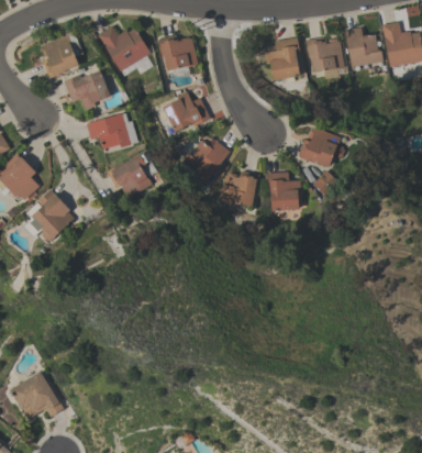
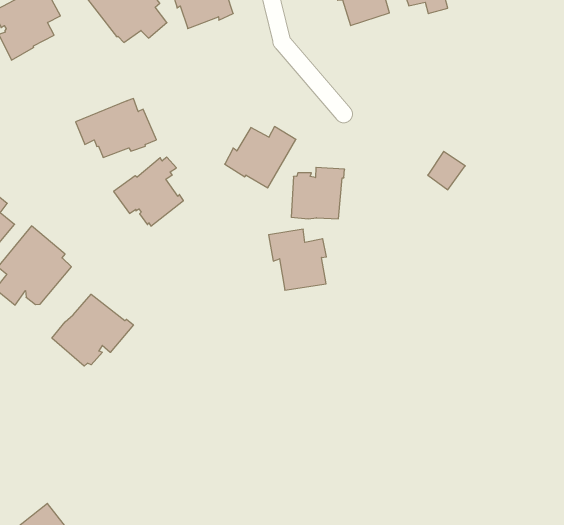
building: [64,70,111,109] -> none
building: [163,91,210,131] -> none
building: [298,128,345,166] -> none
building: [265,172,301,210] -> [269,229,326,290]
building: none -> [52,294,133,366]

